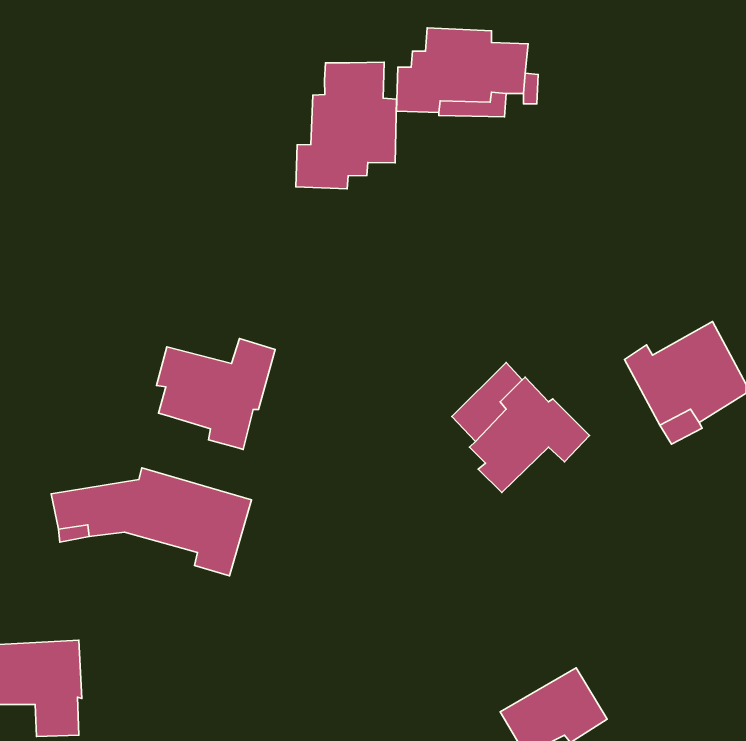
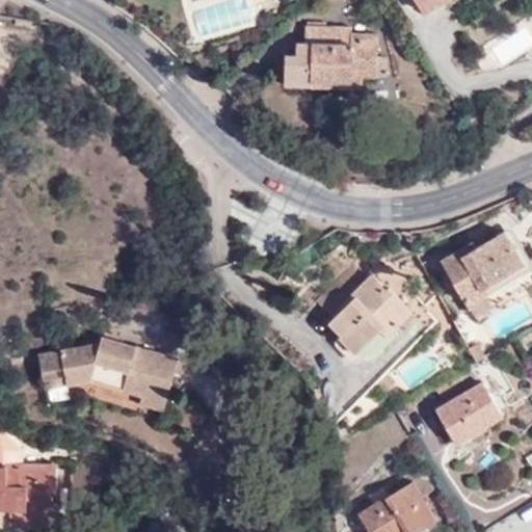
building: [296,62,397,189] -> none
building: [156,338,275,449] -> none
building: none -> [432,387,500,443]

